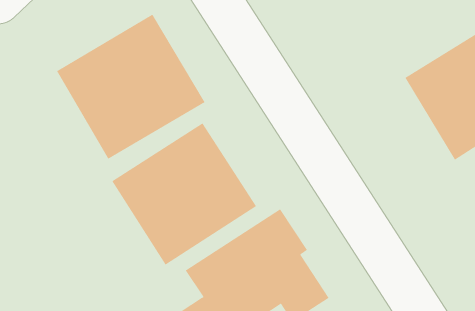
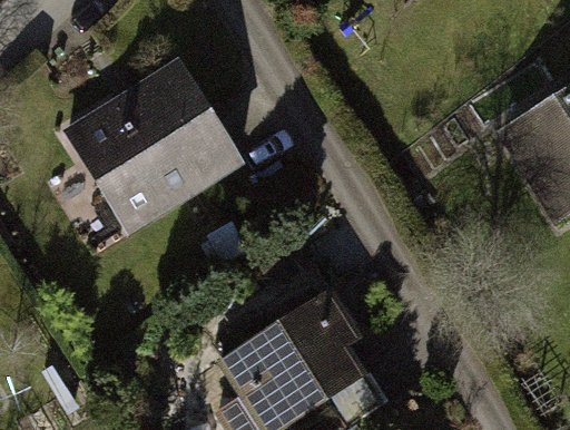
building: [112,123,257,265] -> none

